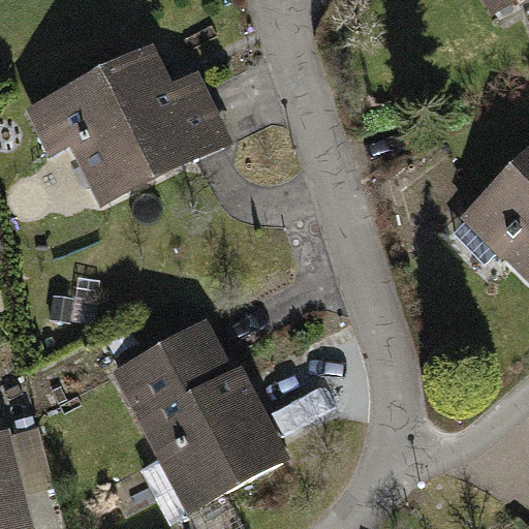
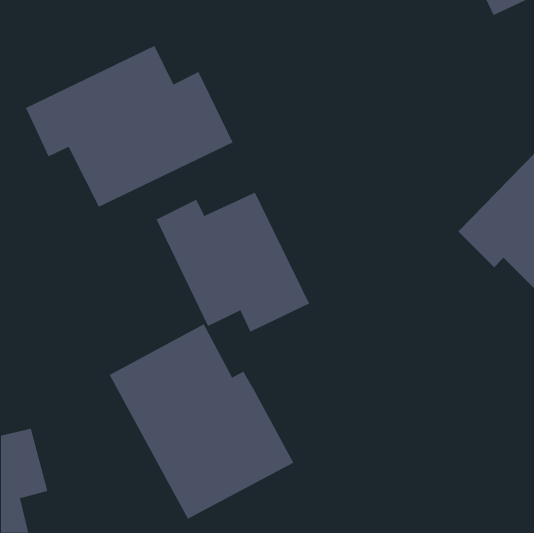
building: none -> [156,192,310,332]

